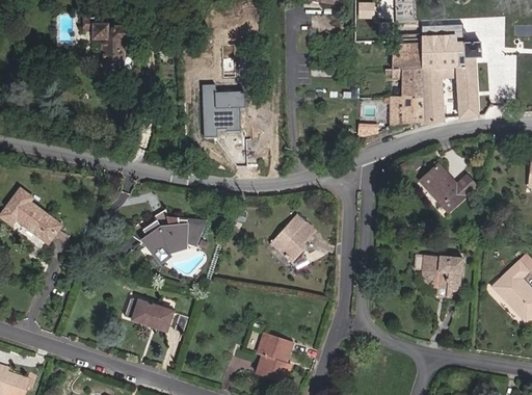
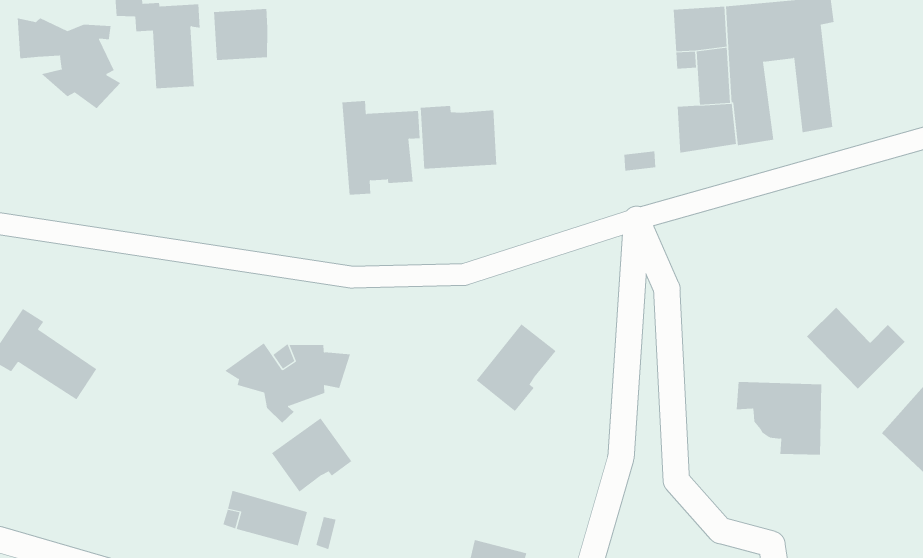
building: none -> [17,17,121,109]
building: none -> [214,8,268,61]
building: none -> [420,105,497,170]
building: [421,164,476,211] -> [806,307,906,390]
building: none -> [271,417,352,493]

